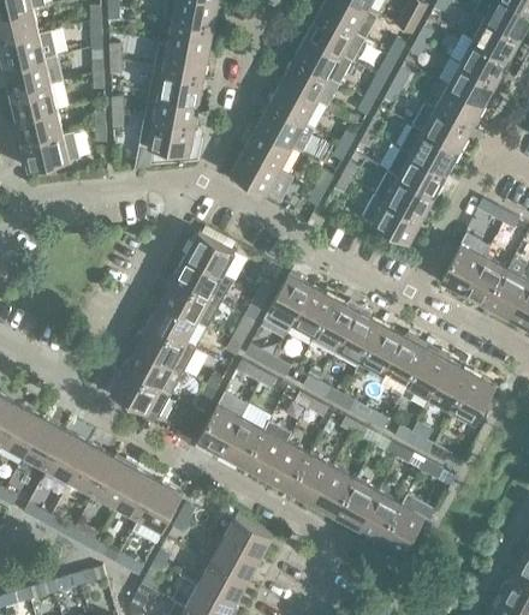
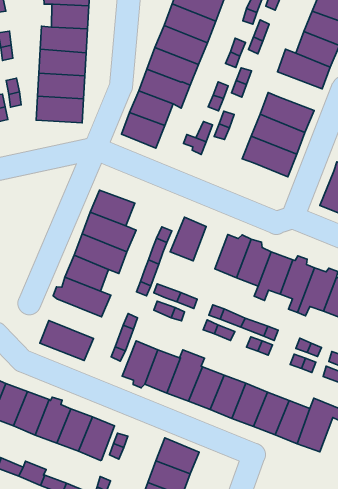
building: [399,127,459,175] -> none
building: [292,288,334,336] -> none
building: [124,347,183,396] -> none

